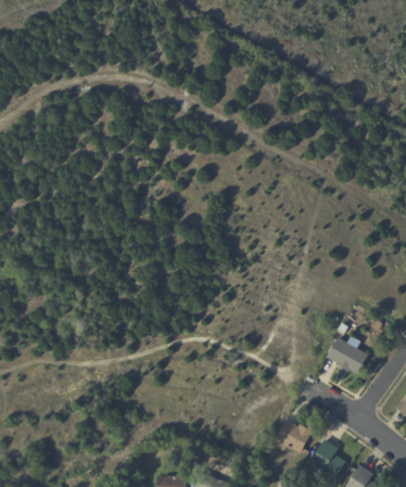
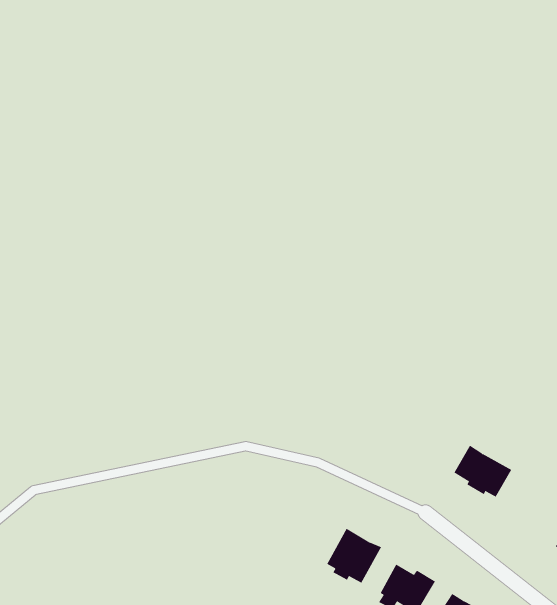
building: none -> [326,528,382,583]

